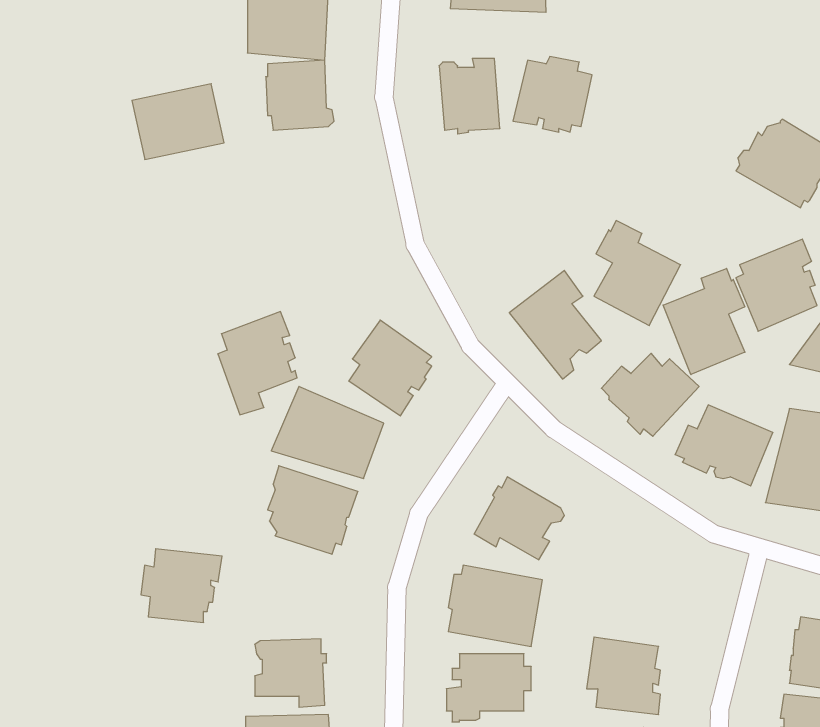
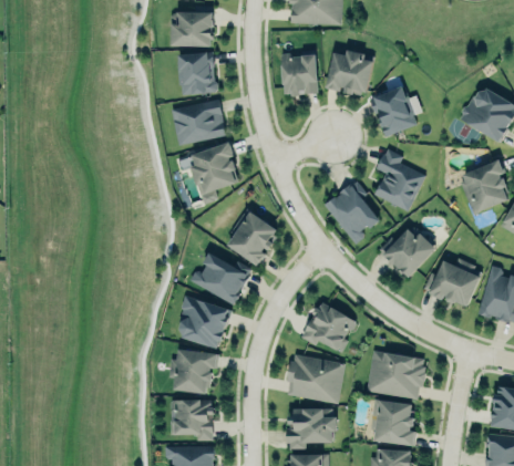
building: [132,84,224,159] -> [171,100,226,145]
building: none -> [369,85,422,136]
building: [663,268,745,375] -> none
building: [218,312,297,415] -> [191,142,238,204]
building: [141,549,222,622] -> [169,350,218,394]
building: none -> [367,350,426,400]

